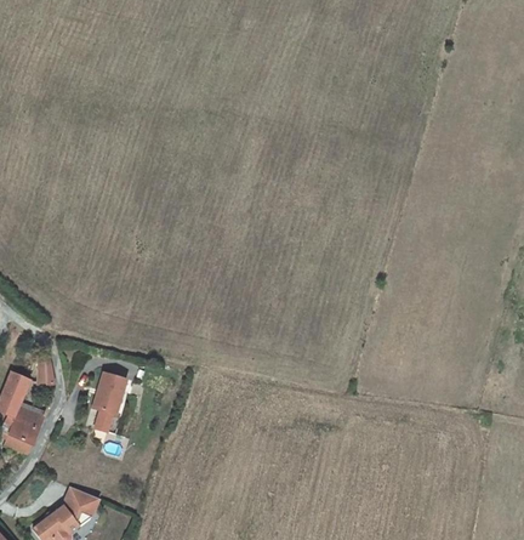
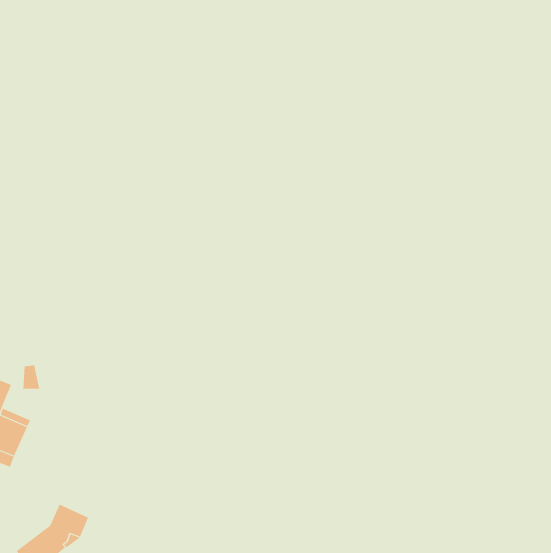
building: [93,373,126,414] -> none

